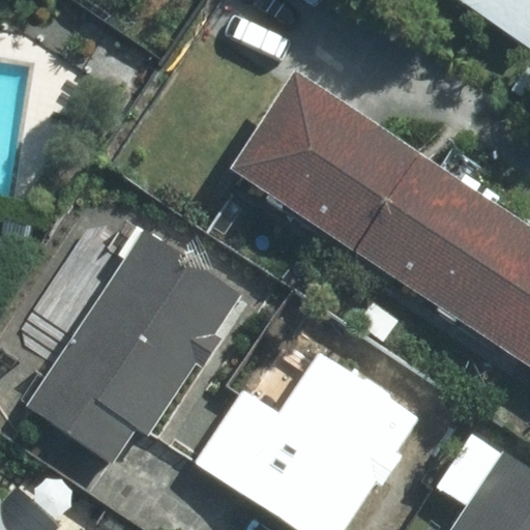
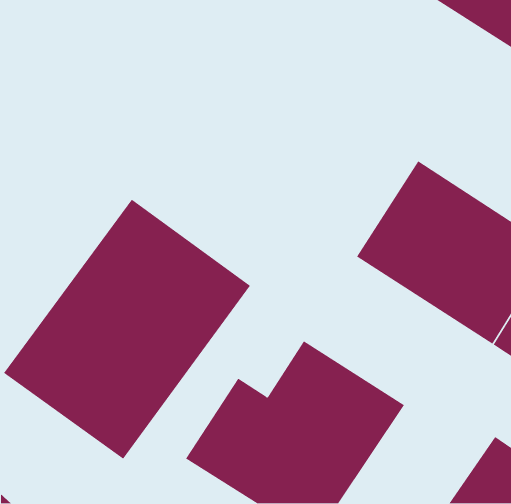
building: [230,75,434,263] -> none

